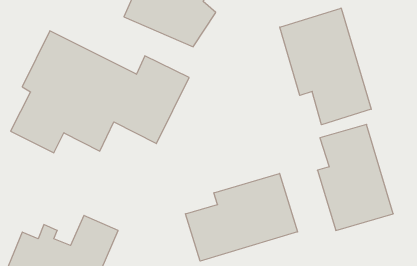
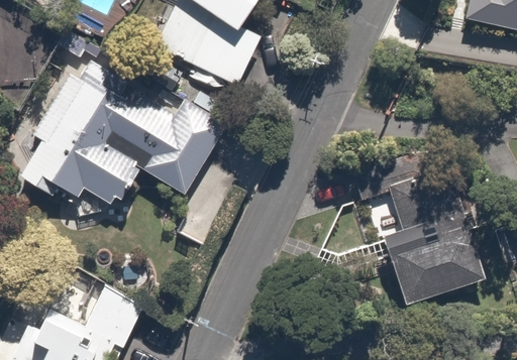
building: [280,8,371,125] -> none
building: [185,173,298,261] -> none

